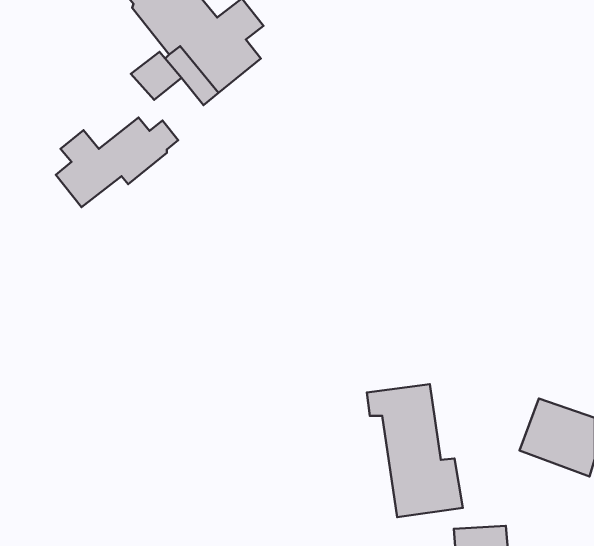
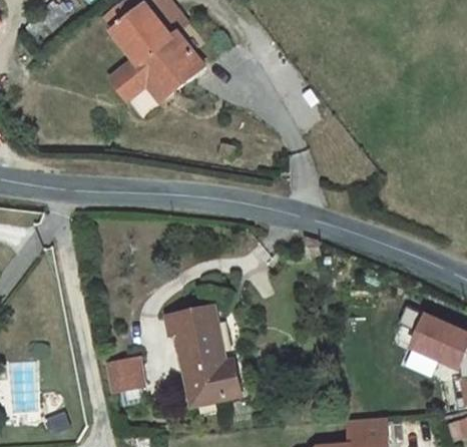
building: [56,118,178,207] -> none
building: [367,384,463,517] -> [167,303,238,400]
building: none -> [106,356,144,390]

